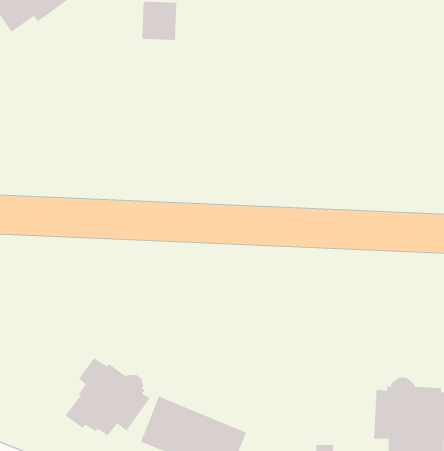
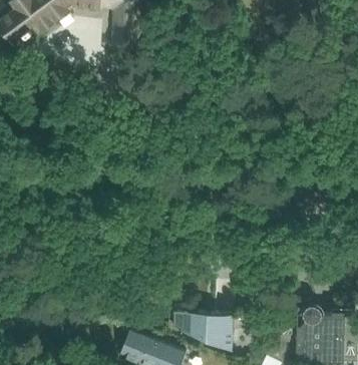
building: [64,357,150,436] -> none
building: none -> [172,312,233,350]

